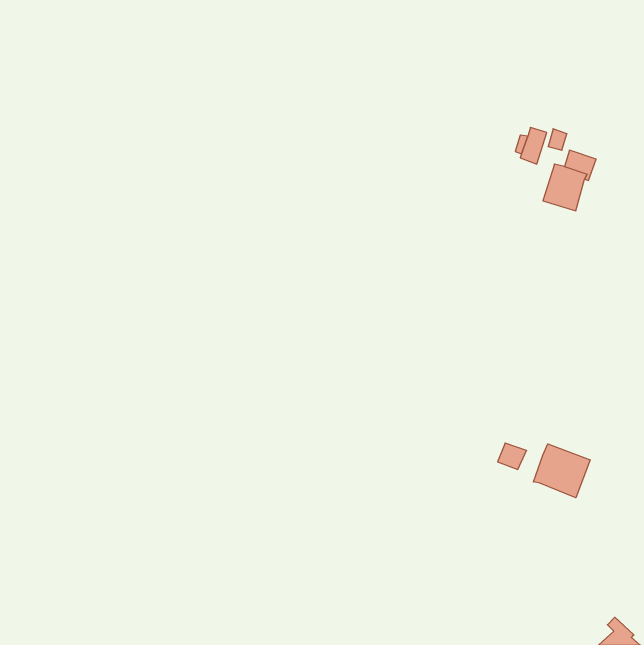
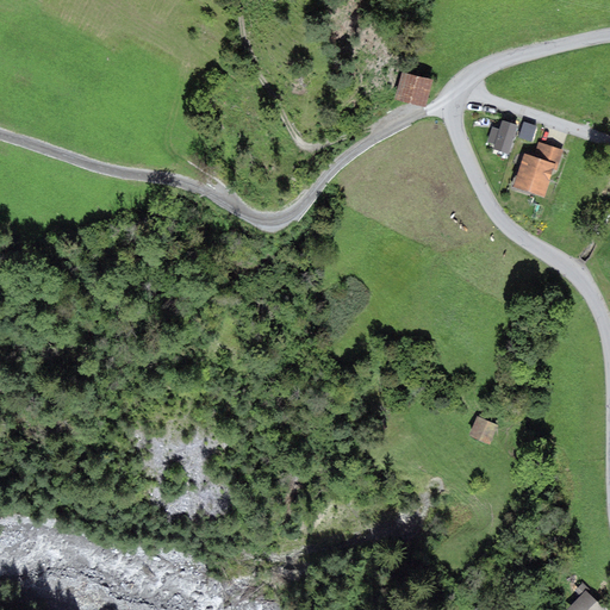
building: none -> [397,73,431,106]
building: [533,444,590,498] -> none

